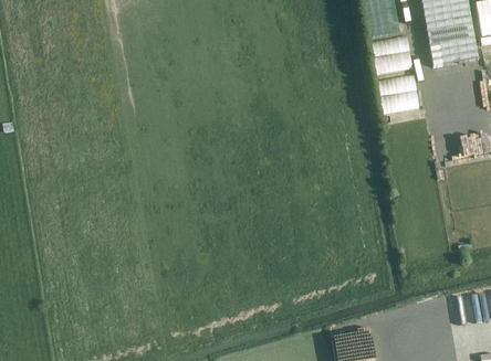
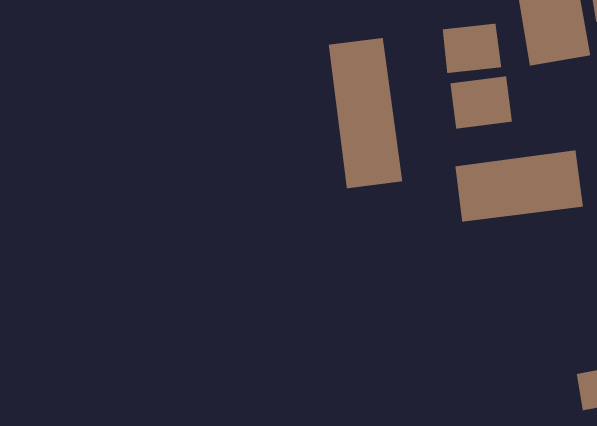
building: none -> [328,37,403,189]
building: none -> [454,149,584,223]

